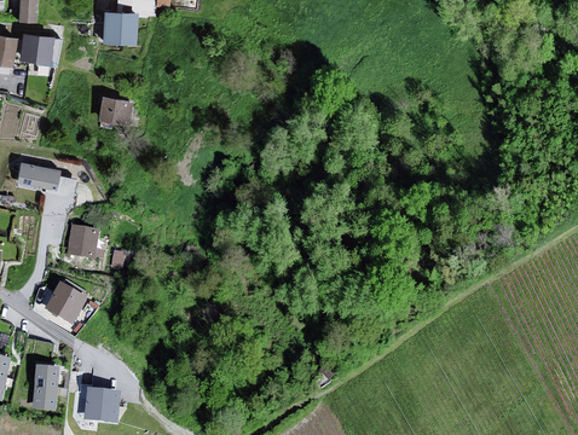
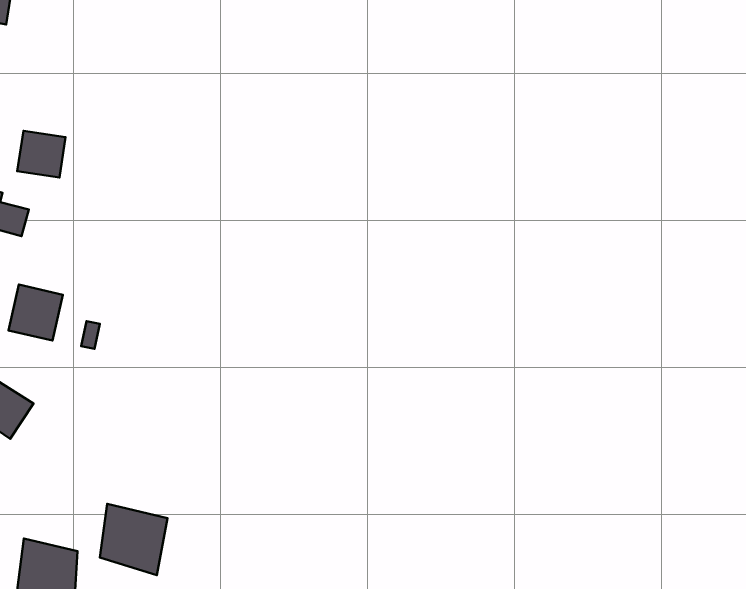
building: [97,94,126,122] -> [17,131,66,177]
building: none -> [100,504,168,575]

